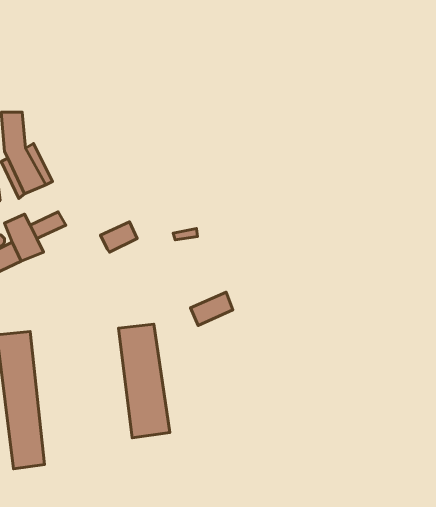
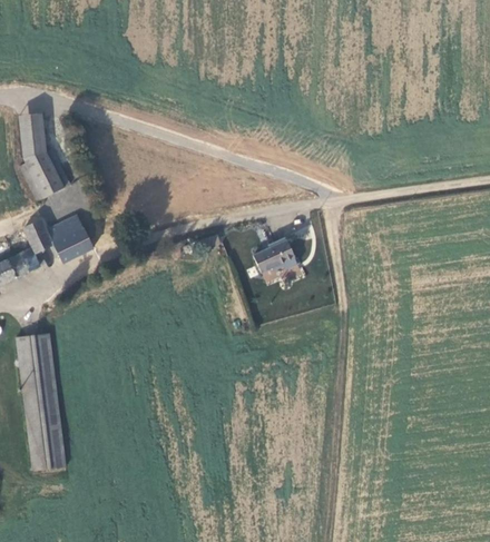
building: [100,222,137,252] -> [56,228,92,258]
building: [190,292,233,326] -> [252,239,294,273]
building: [119,324,170,438] -> none

